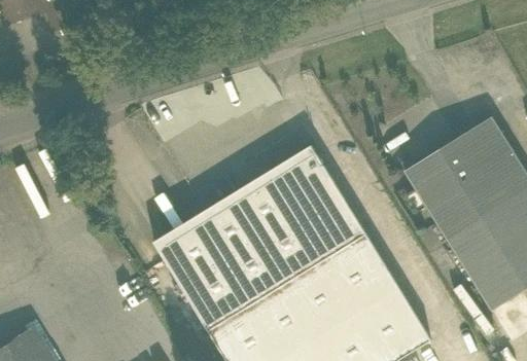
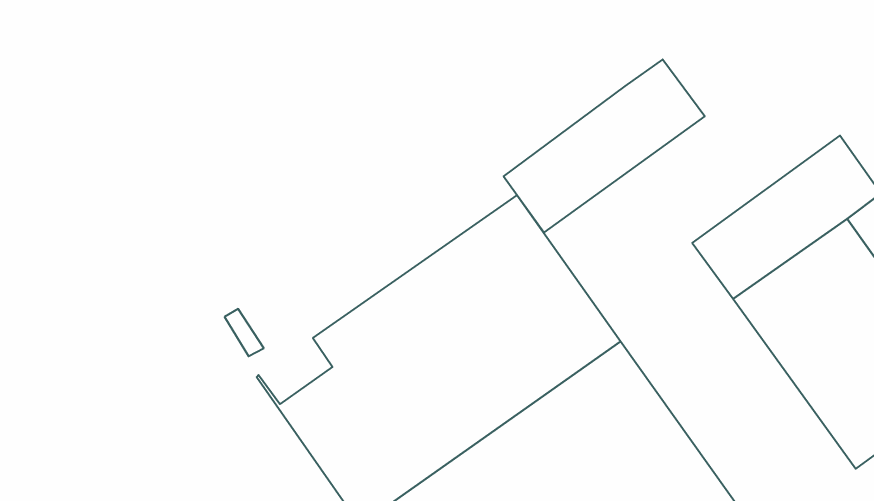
building: none -> [504,59,705,233]
building: [154,221,198,258] -> none

